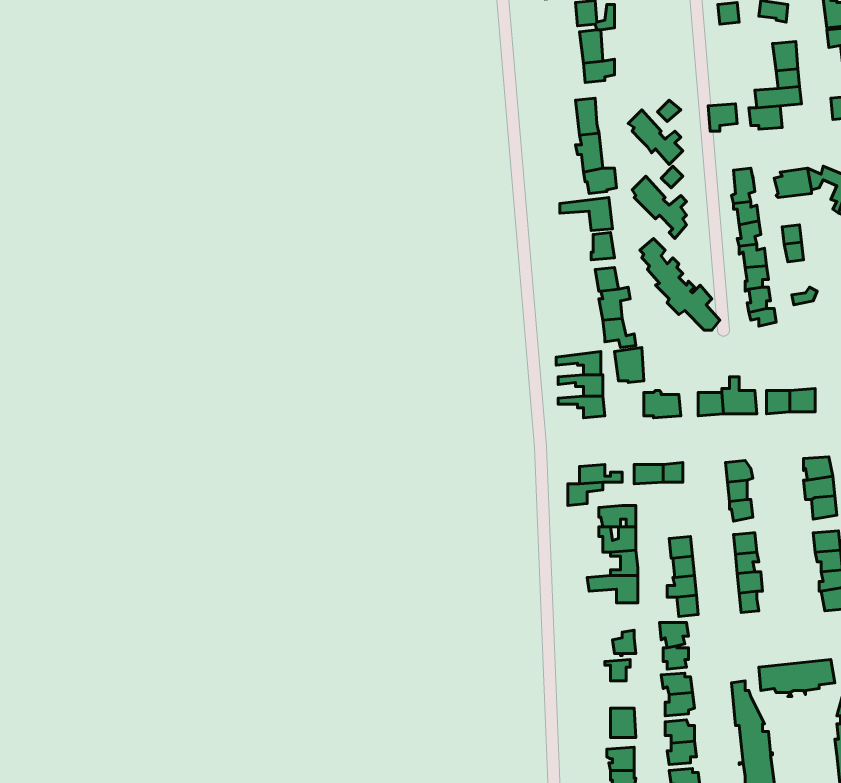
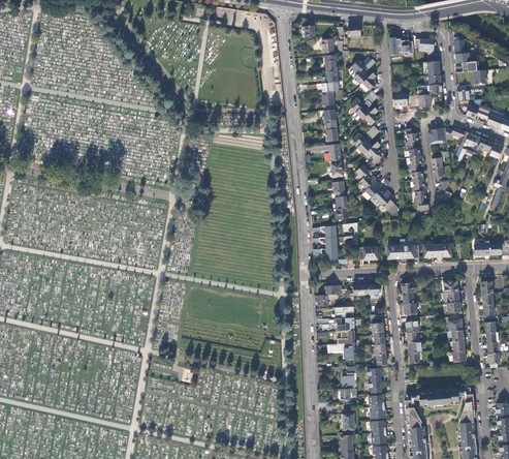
building: none -> [352,56,377,89]

